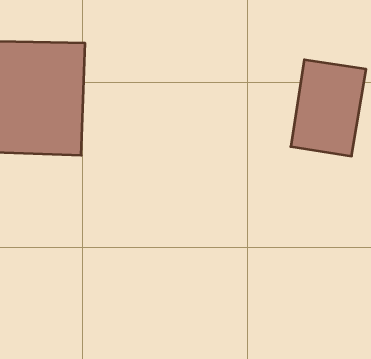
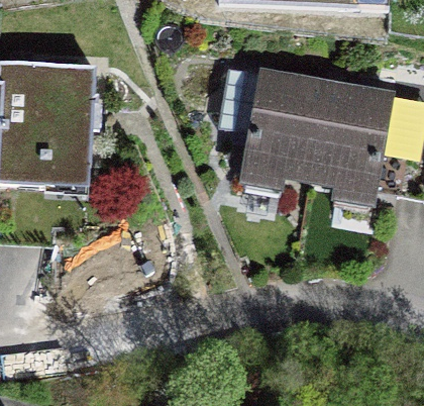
building: none -> [241,76,320,177]

